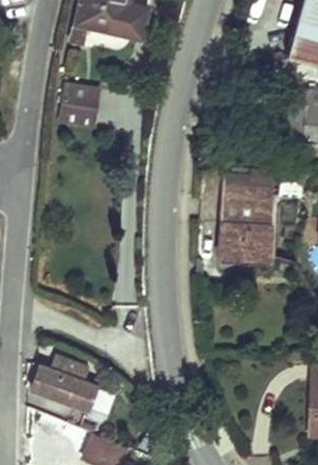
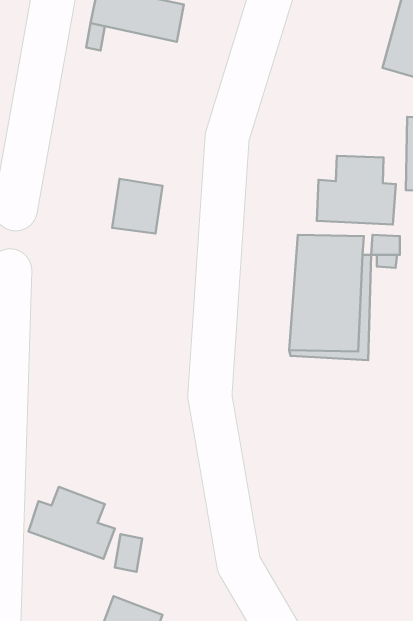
building: [62,85,98,125] -> [112,179,163,233]
building: none -> [317,156,396,225]

